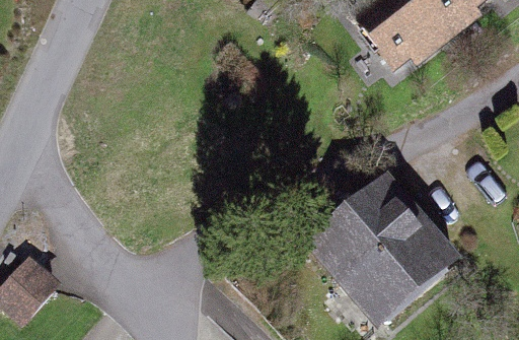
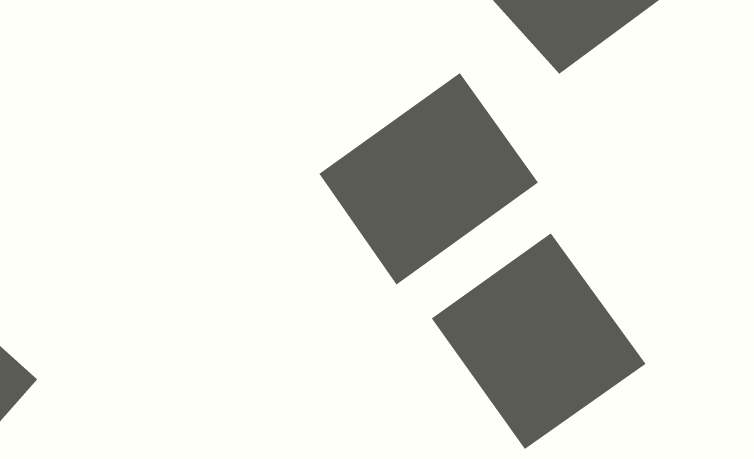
building: none -> [318,72,539,286]

